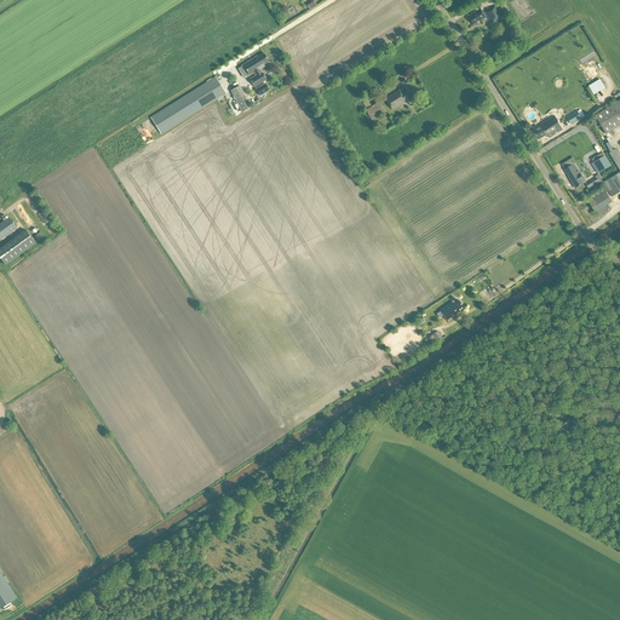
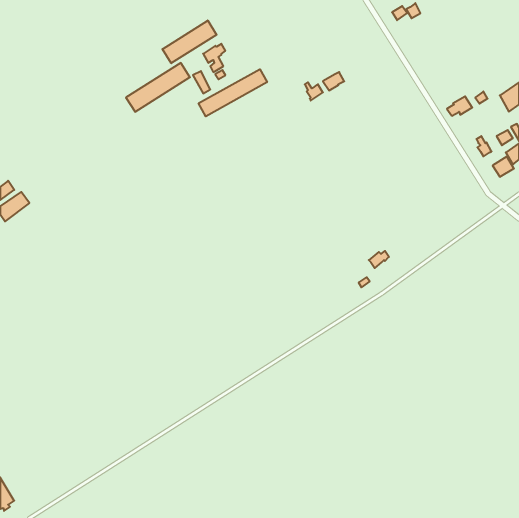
building: none -> [162,20,217,63]
building: none -> [199,69,267,116]

